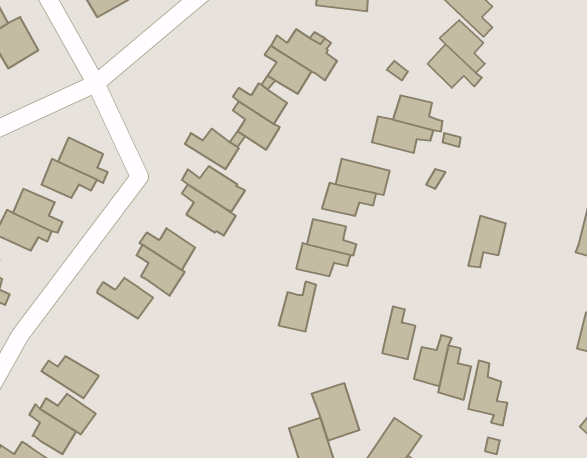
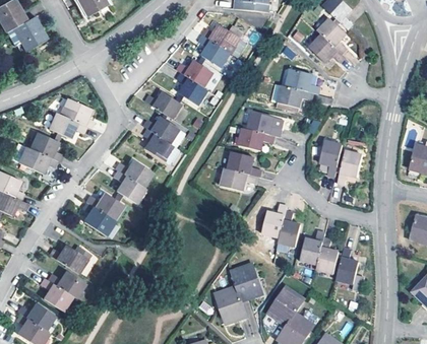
building: none -> [319,140,343,177]
building: [278,282,316,331] -> [261,204,287,237]
building: none -> [81,202,116,235]

